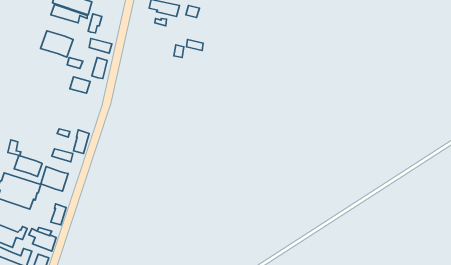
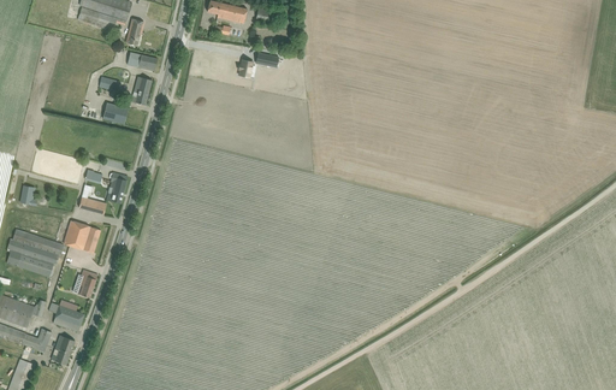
building: [41,31,73,57] -> none
building: [14,156,42,177] -> none

